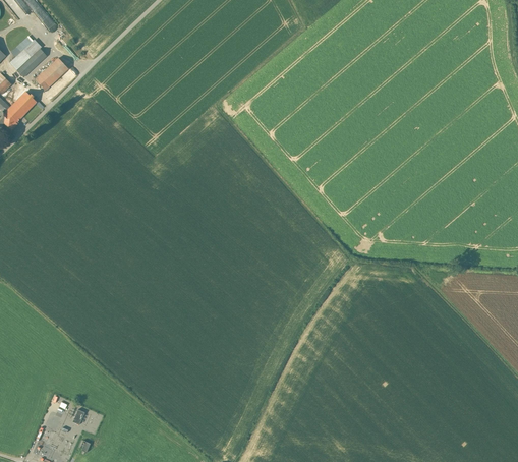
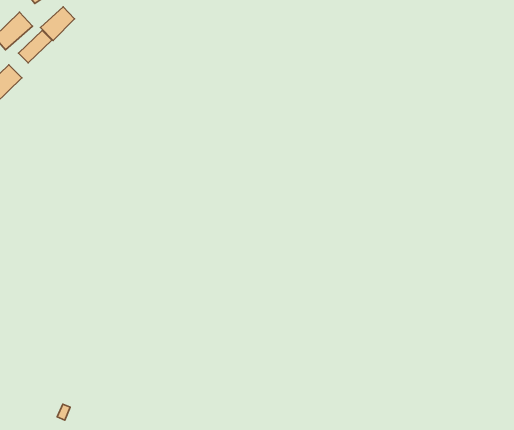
building: none -> [41,7,75,41]

